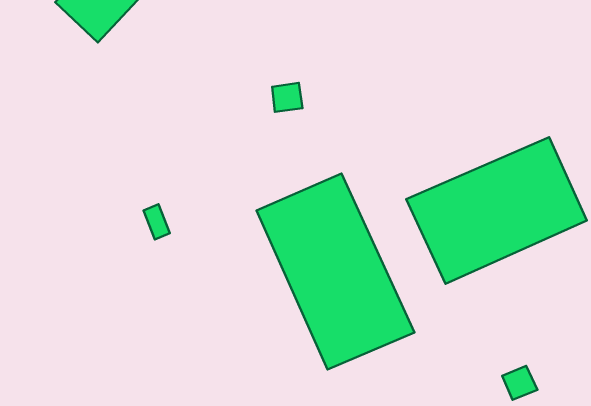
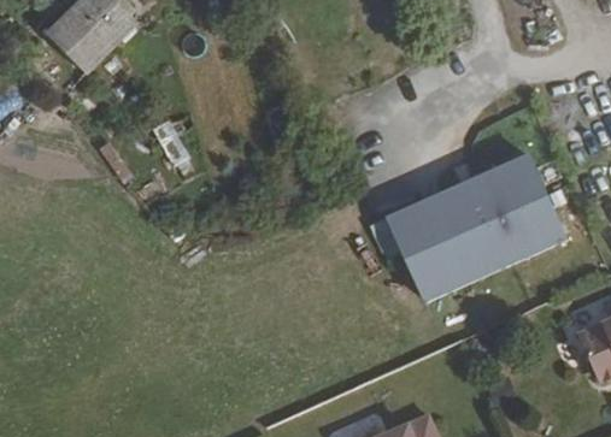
building: [257,173,414,370] -> none

